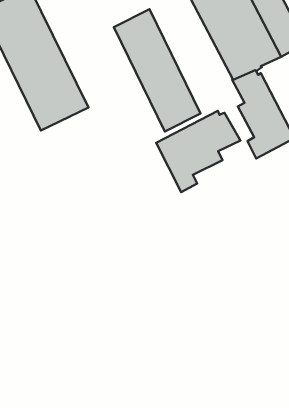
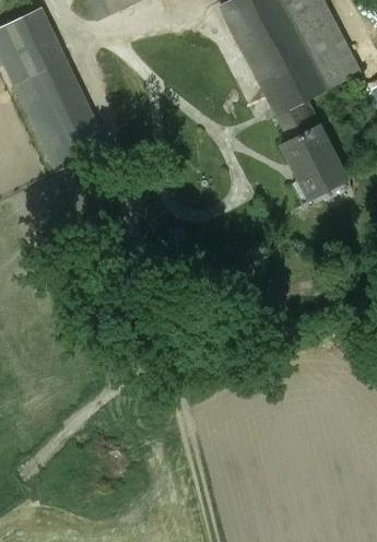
building: [114,9,201,131] -> none
building: [156,111,241,192] -> none

